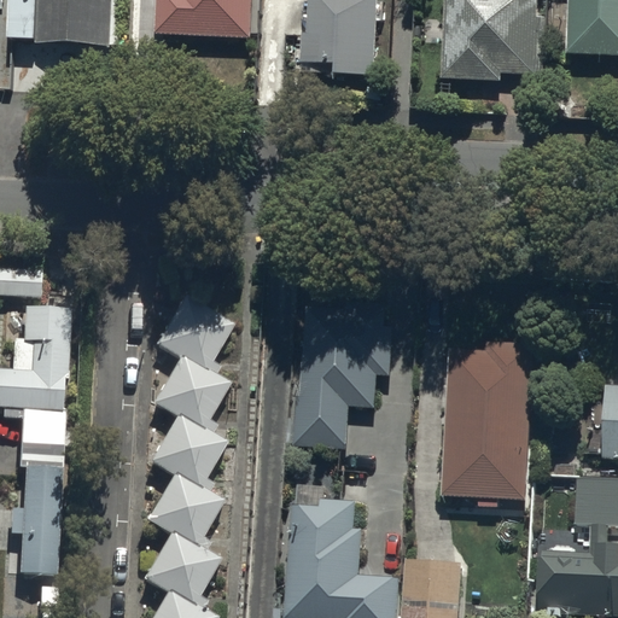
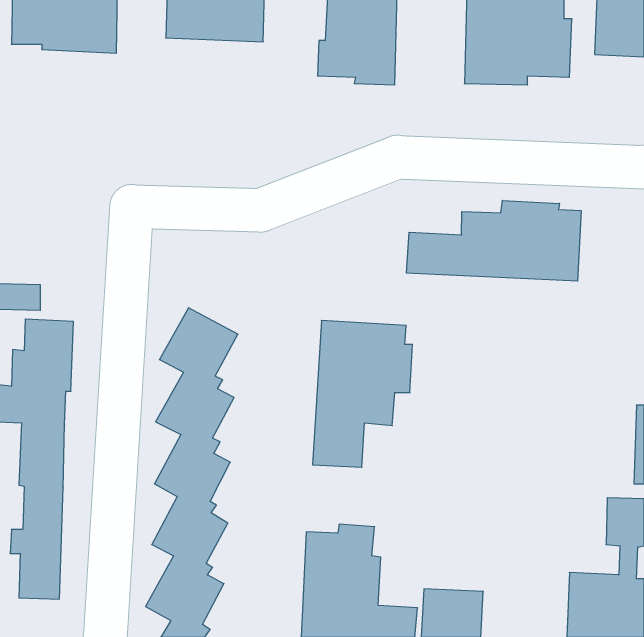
building: none -> [407,200,581,281]
building: [444,343,536,507] -> none

